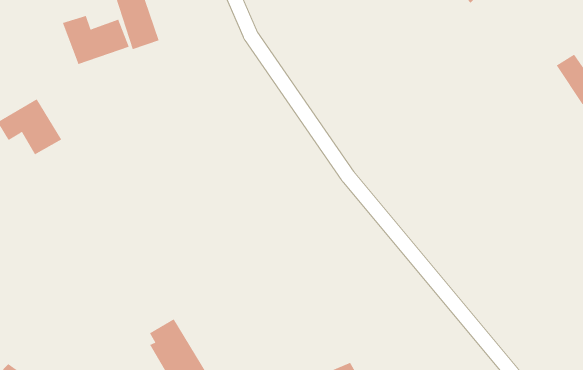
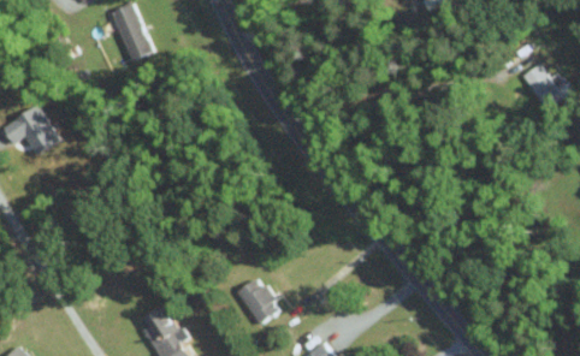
building: [62,15,130,65] -> none
building: none -> [238,277,277,325]

